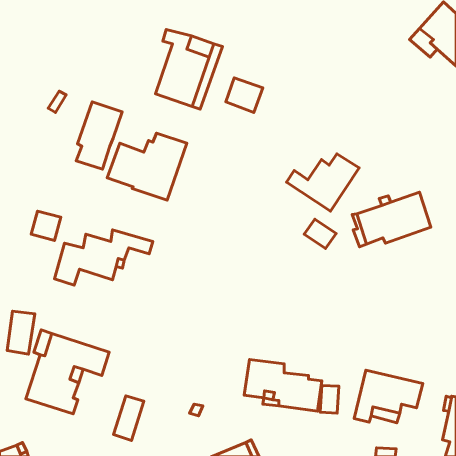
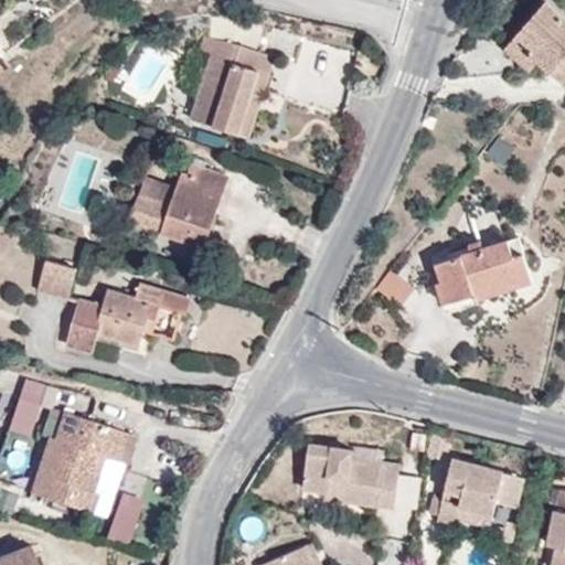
building: [226,78,263,112] -> none
building: [76,102,122,169] -> none
building: [286,154,359,211] -> none
building: [113,396,144,441] -> [104,493,141,548]

